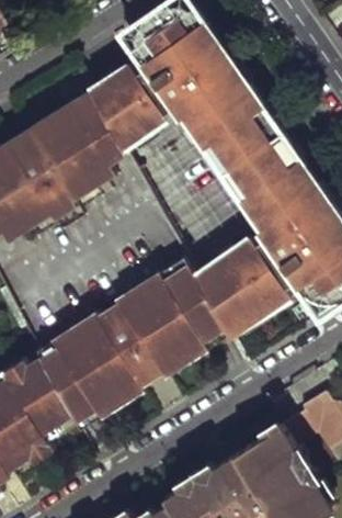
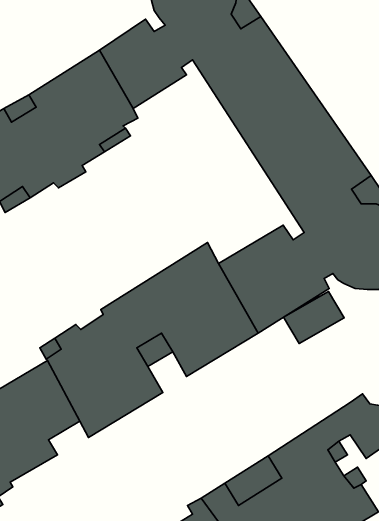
building: none -> [284,291,344,344]

